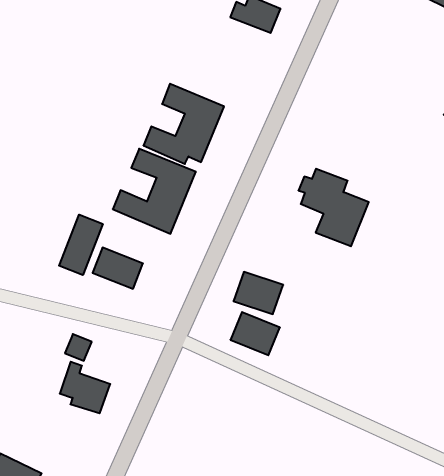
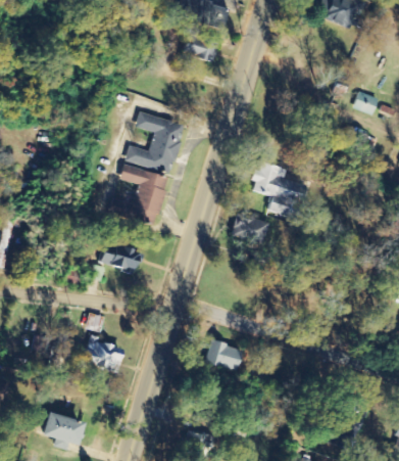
building: [59,215,103,275] -> none
building: [233,272,283,314] -> [232,214,268,243]
building: [230,312,280,355] -> [205,340,242,371]

